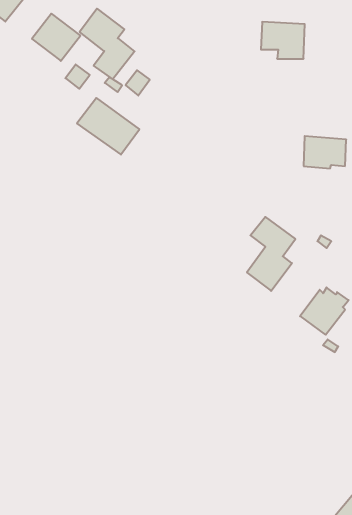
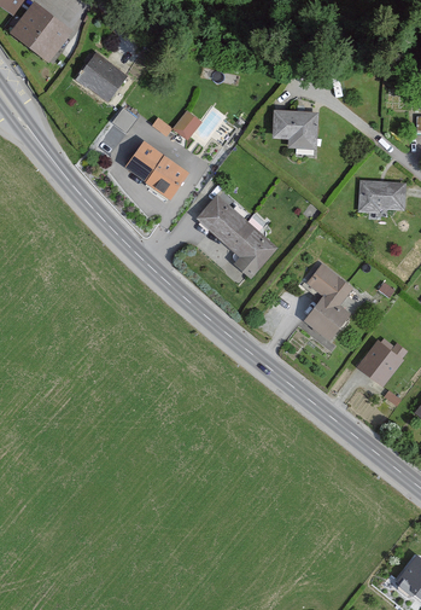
building: [80,9,135,79] -> none
building: [261,22,305,59] -> [273,110,318,149]
building: none -> [194,196,277,279]

